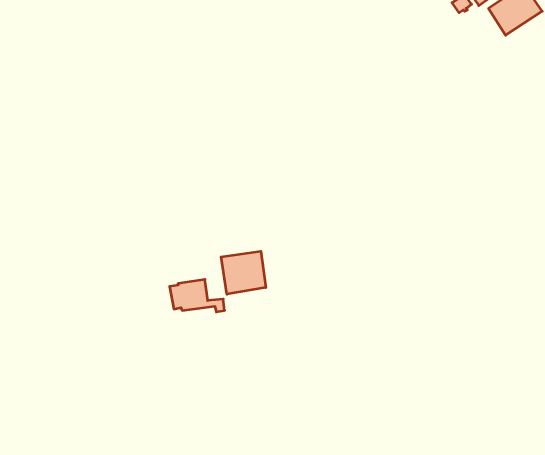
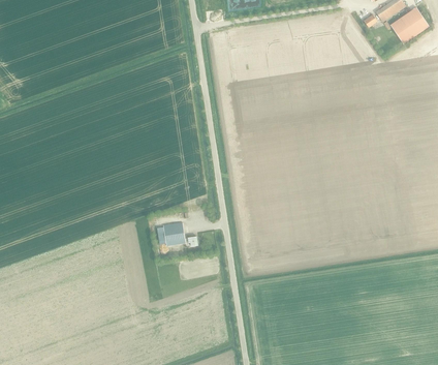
building: [221,251,266,294] -> none

